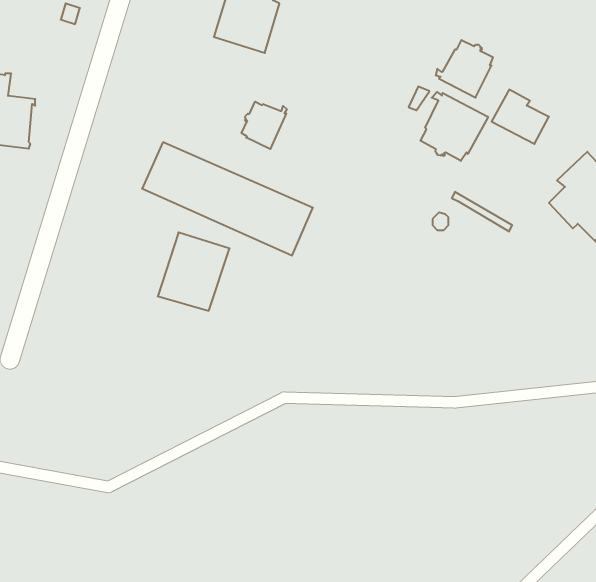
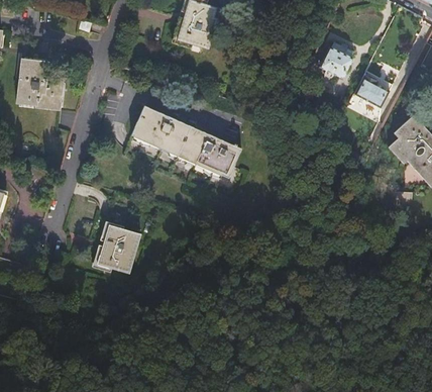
building: [420,92,488,161] -> none
building: [242,102,287,149] -> none
building: [158,232,230,311] -> [96,224,141,274]

